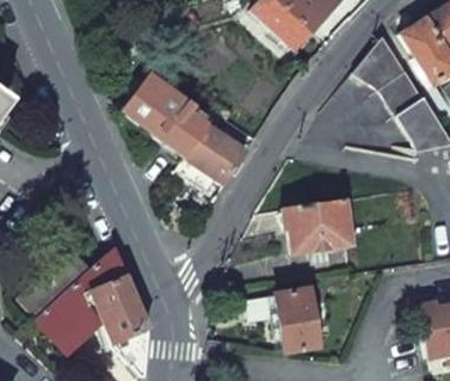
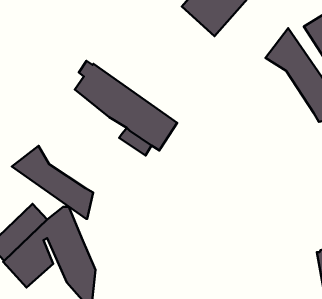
building: none -> [12,146,93,219]
building: [282,197,351,252] -> none
building: [258,282,328,343] -> none

